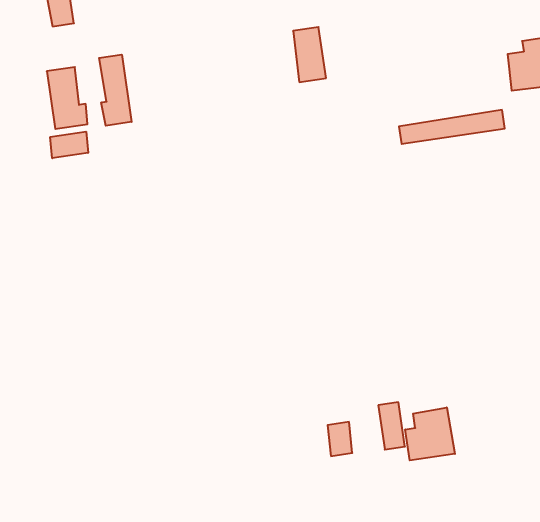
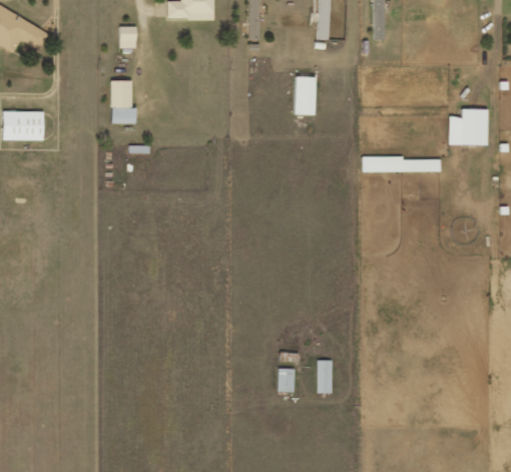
building: [99,55,132,126] -> none
building: [50,132,88,158] -> none
building: [405,407,455,460] -> none

